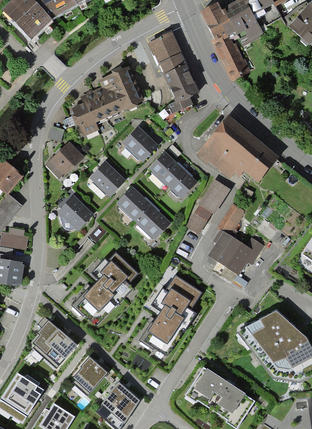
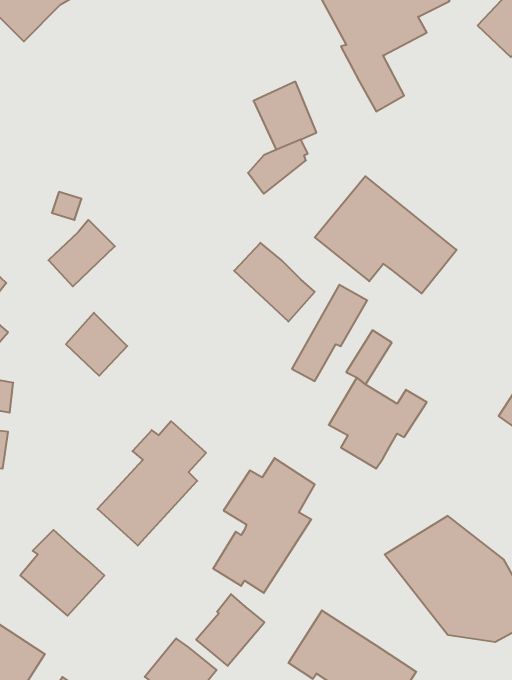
building: [148,30,187,73] -> none
building: [71,67,144,136] -> none
building: [124,128,160,163] -> none
building: [88,160,124,195] -> none
building: [116,186,170,238] -> none
building: [70,354,109,395] -> [196,594,264,666]

